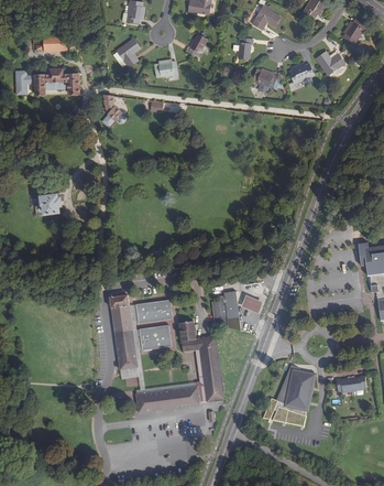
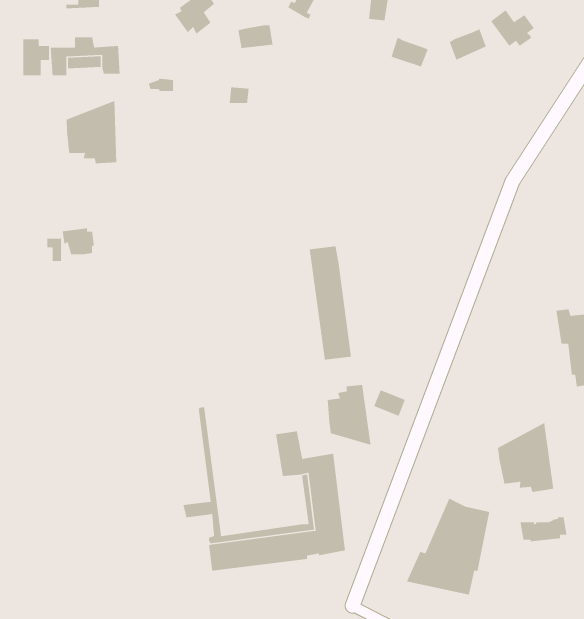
building: none -> [66,100,117,164]
building: [109,294,136,368] -> [309,245,352,361]
building: [135,299,172,323] -> none
building: none -> [497,422,554,493]
building: [139,324,171,349] -> none

